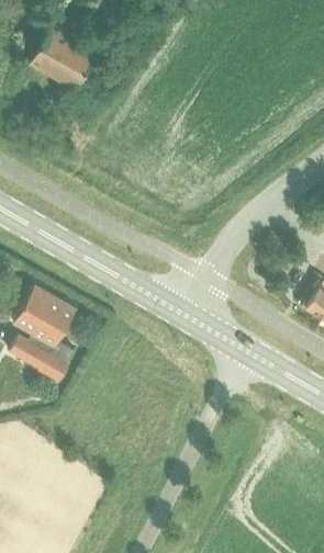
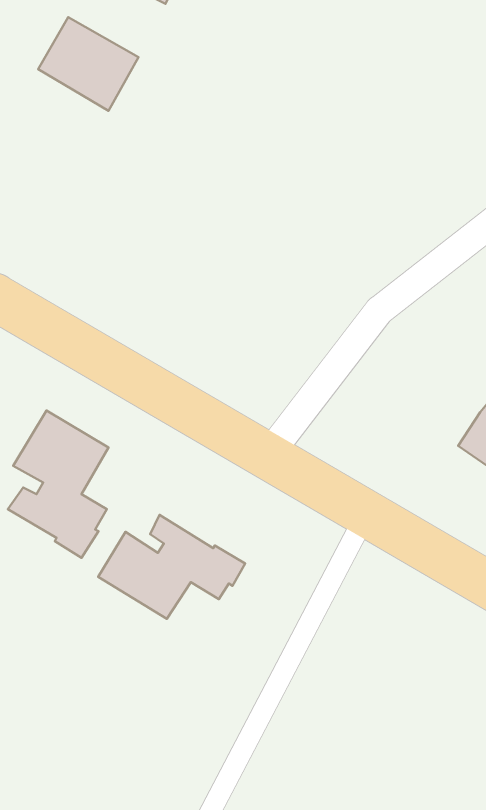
building: none -> [98,515,245,619]

